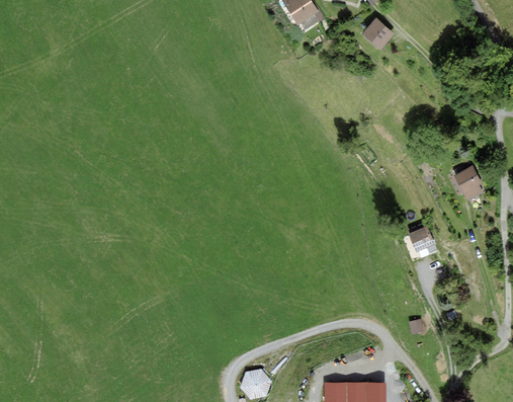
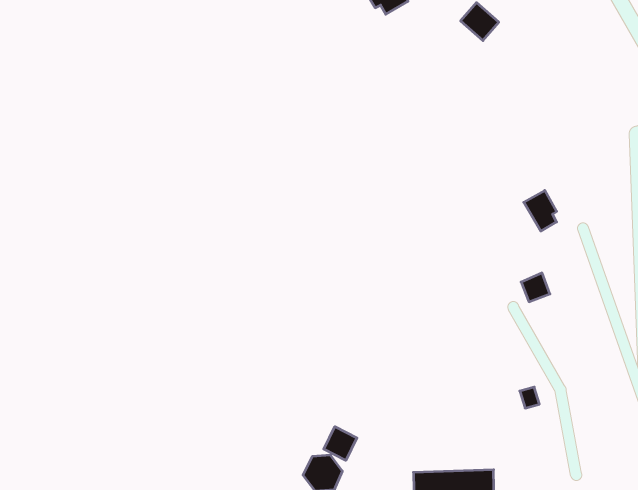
building: [453,168,479,199] -> [524,190,557,231]
building: none -> [324,427,357,460]

